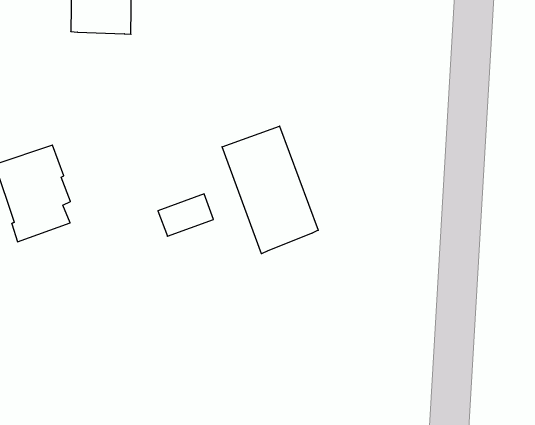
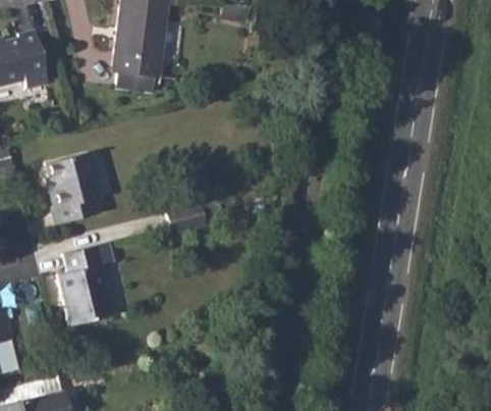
building: [222,126,318,254] -> none
building: none -> [59,245,113,325]

